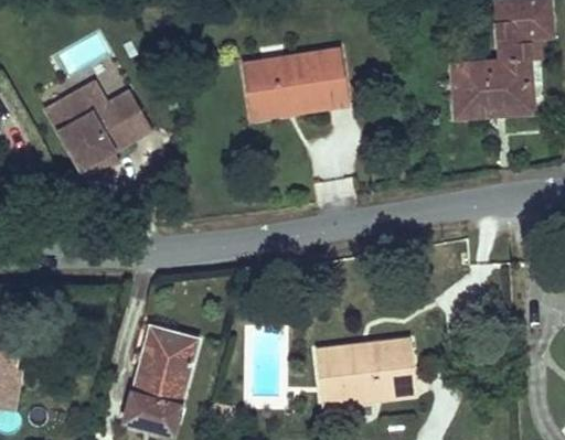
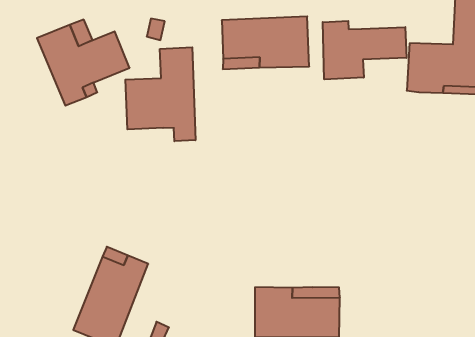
building: none -> [323,21,406,79]
building: none -> [125,47,195,141]

